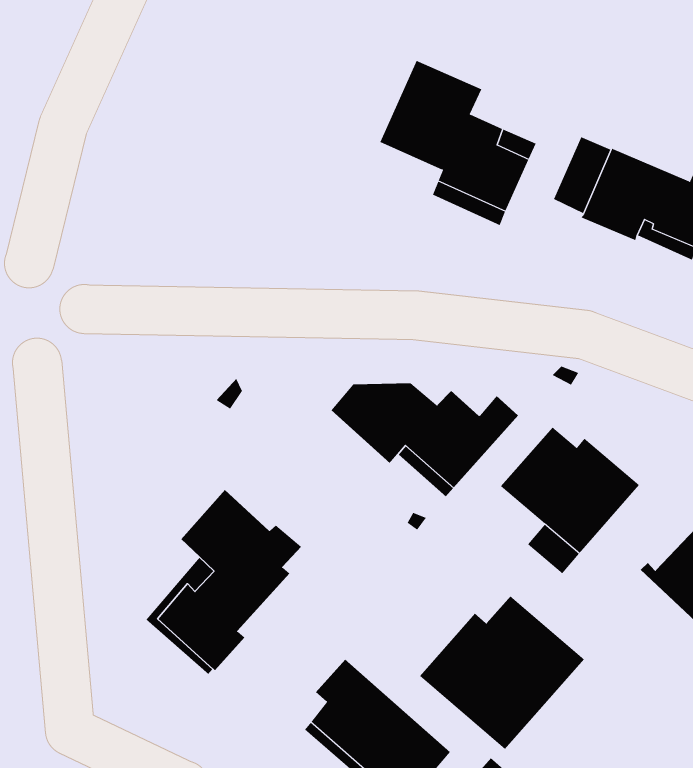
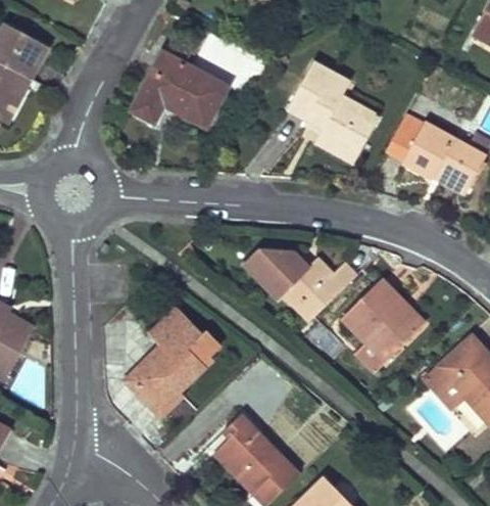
building: none -> [133,52,228,127]
building: [419,595,585,750] -> none

